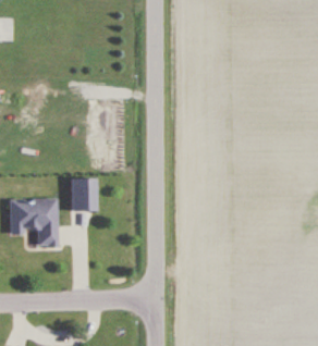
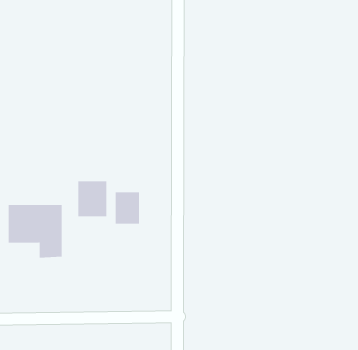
building: none -> [115,192,139,224]

